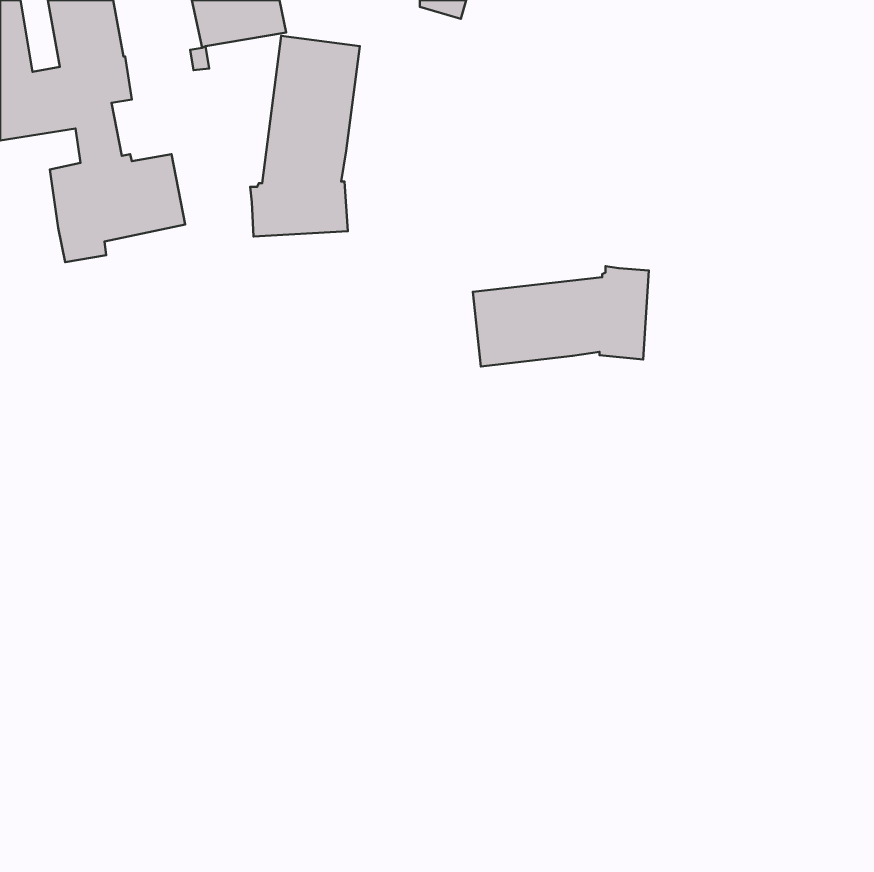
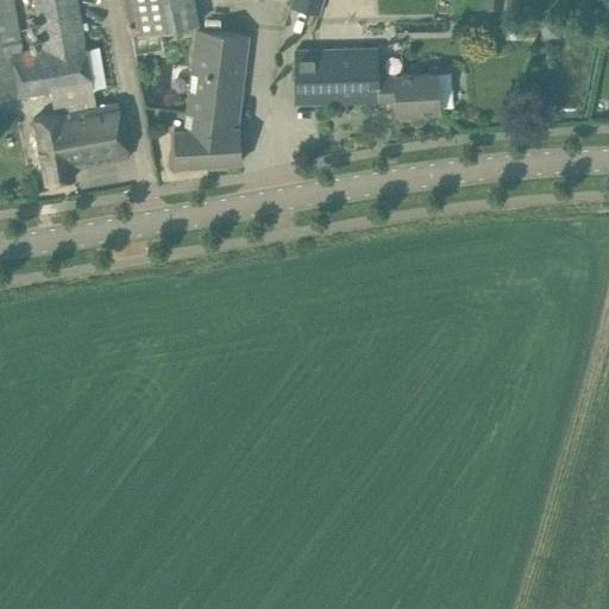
building: none -> [294,46,439,113]
building: [473,266,649,367] -> none

